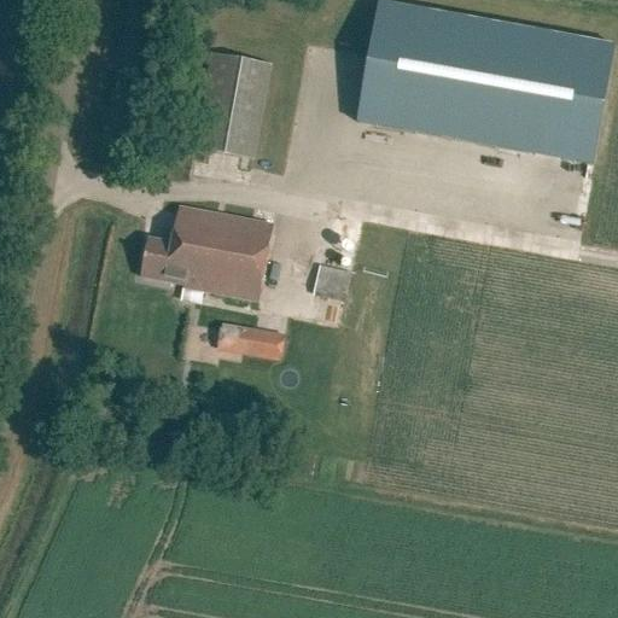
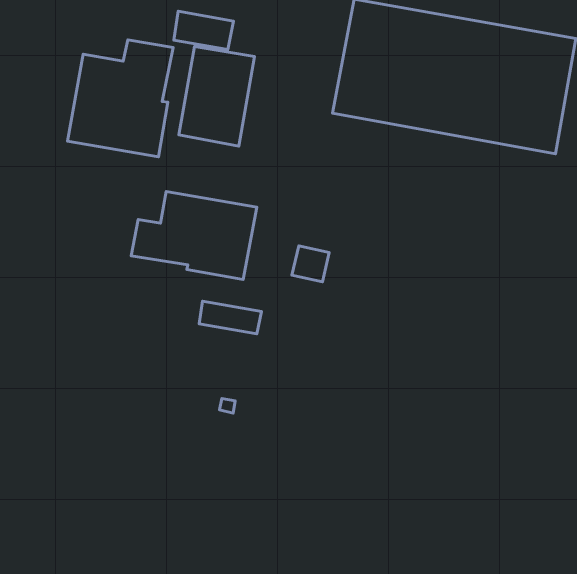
building: none -> [174,11,233,50]
building: none -> [67,40,173,157]

